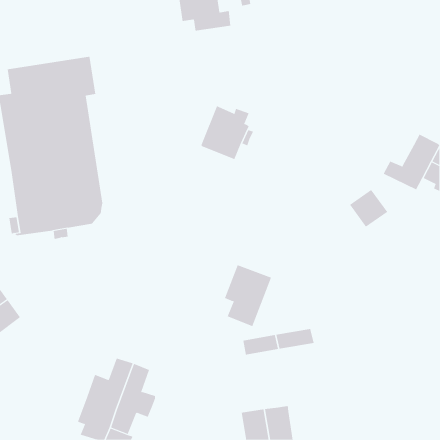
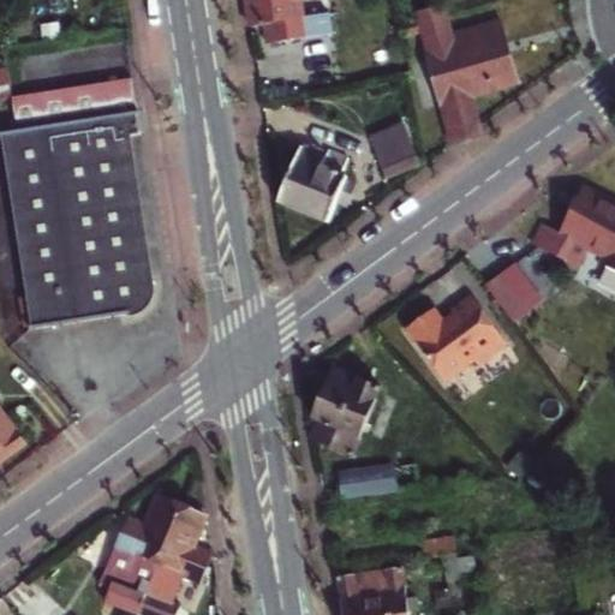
building: none -> [396,5,514,145]
building: none -> [372,124,417,172]
building: none -> [406,297,506,382]

